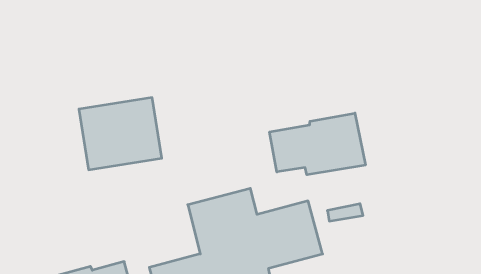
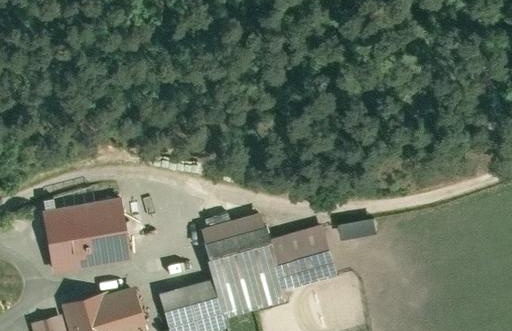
building: [79,98,162,170] -> [44,196,130,271]
building: [270,113,365,175] -> none

